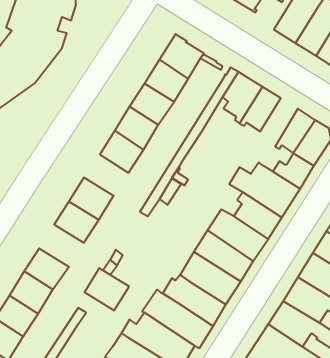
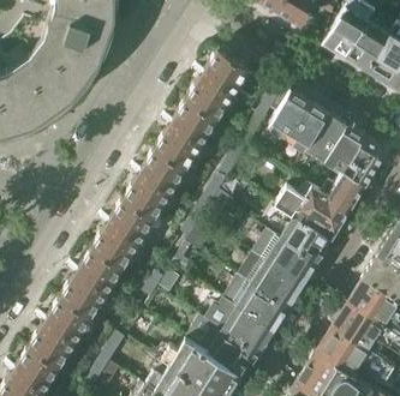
building: none -> [308,116,347,167]
building: none -> [123,175,169,218]
building: [84,268,129,310] -> [76,248,123,293]

